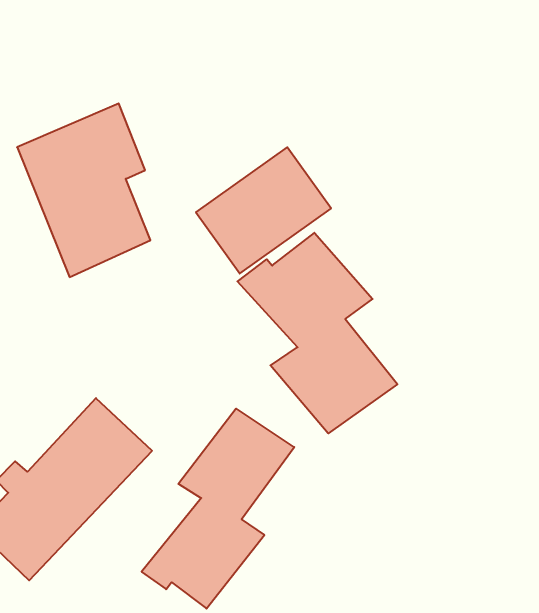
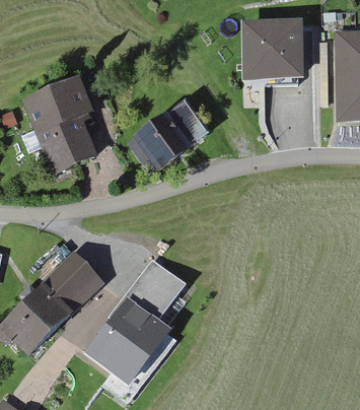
building: none -> [236,24,296,80]
building: [237,233,397,433] -> none

